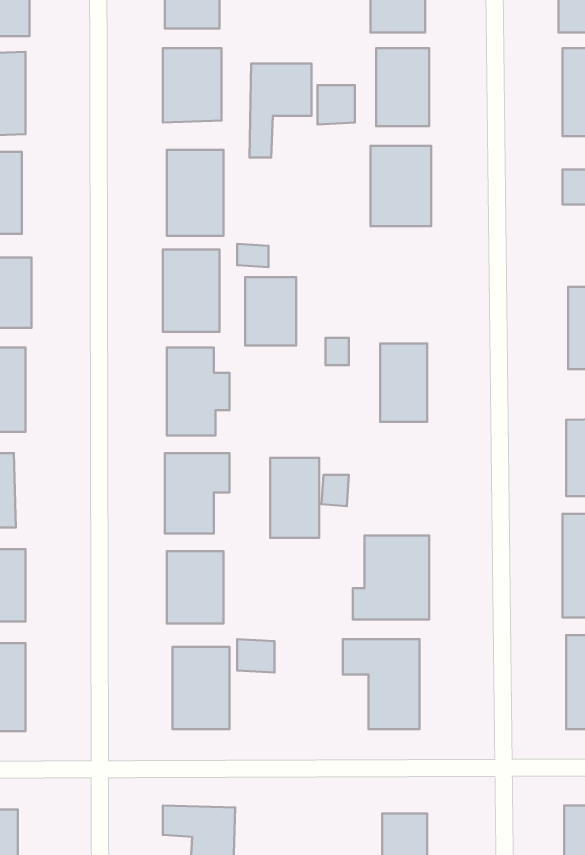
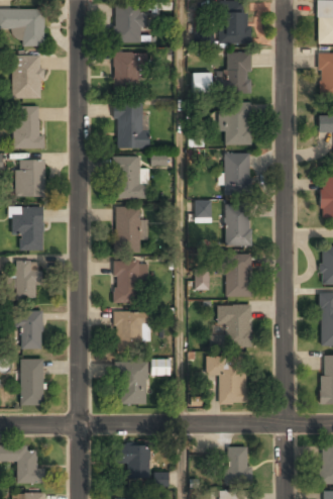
building: [250,63,311,157] -> none
building: [245,277,296,346] -> [224,154,250,189]
building: [270,458,319,538] -> [226,255,251,296]

